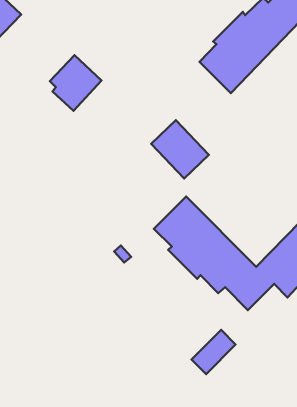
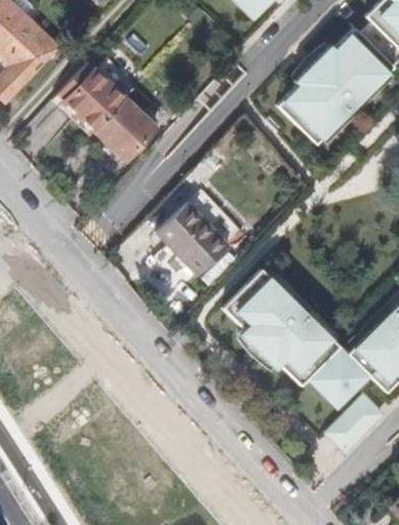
building: none -> [56,62,127,129]
building: [151,120,209,178] -> [160,203,230,274]
building: [192,330,236,374] -> [331,397,385,450]

